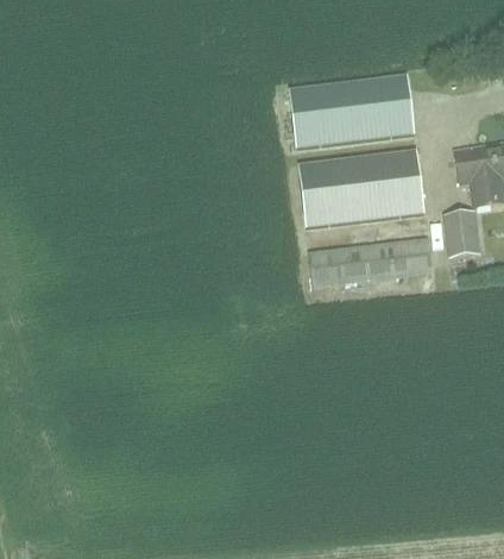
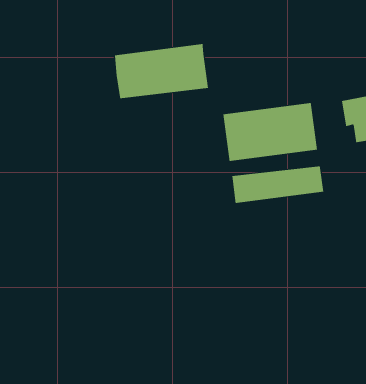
building: [289,73,415,146] -> [114,43,209,99]
building: [443,209,481,257] -> none

